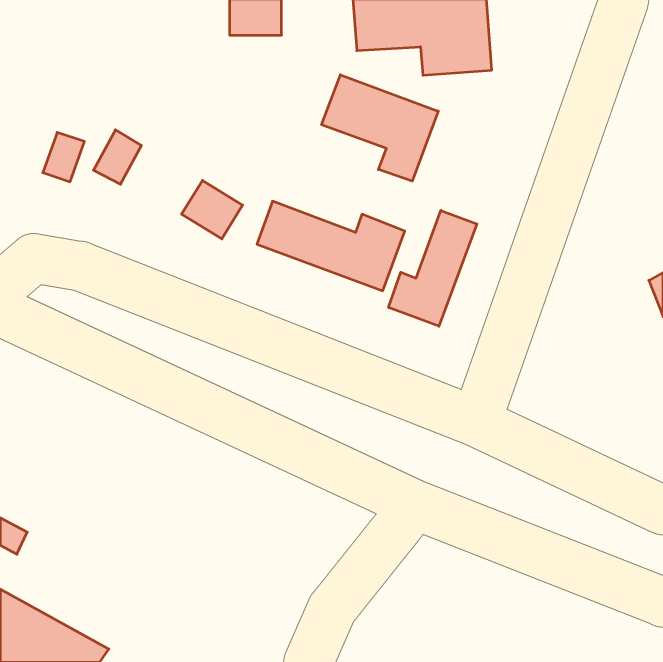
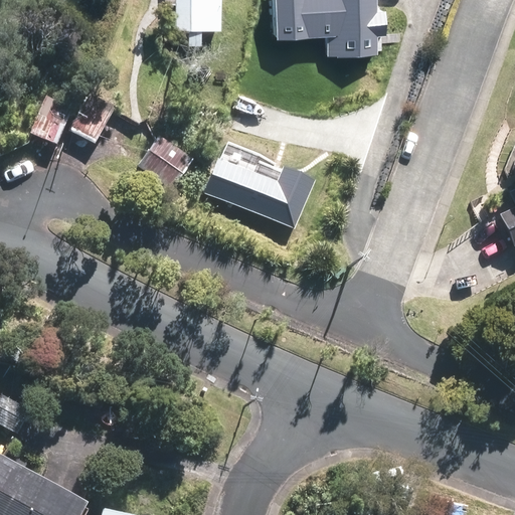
building: [322,75,438,181] -> none
building: [389,210,477,326] -> none

